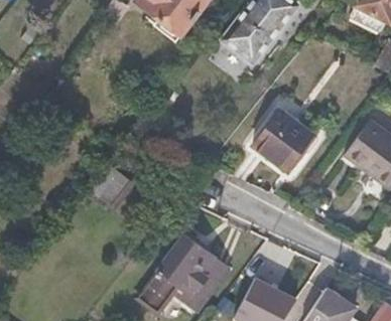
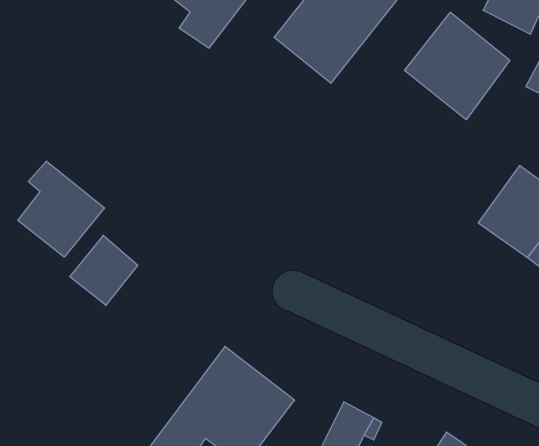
building: none -> [404,12,510,120]
building: [250,110,308,169] -> none
building: none -> [18,161,105,257]

